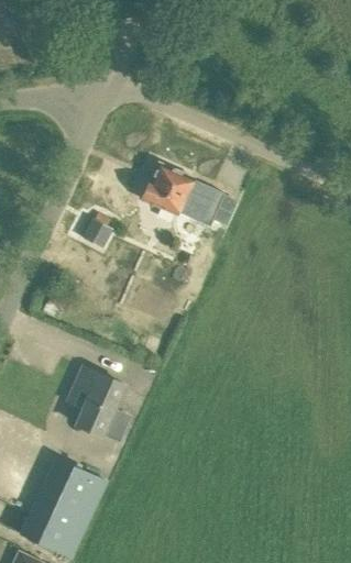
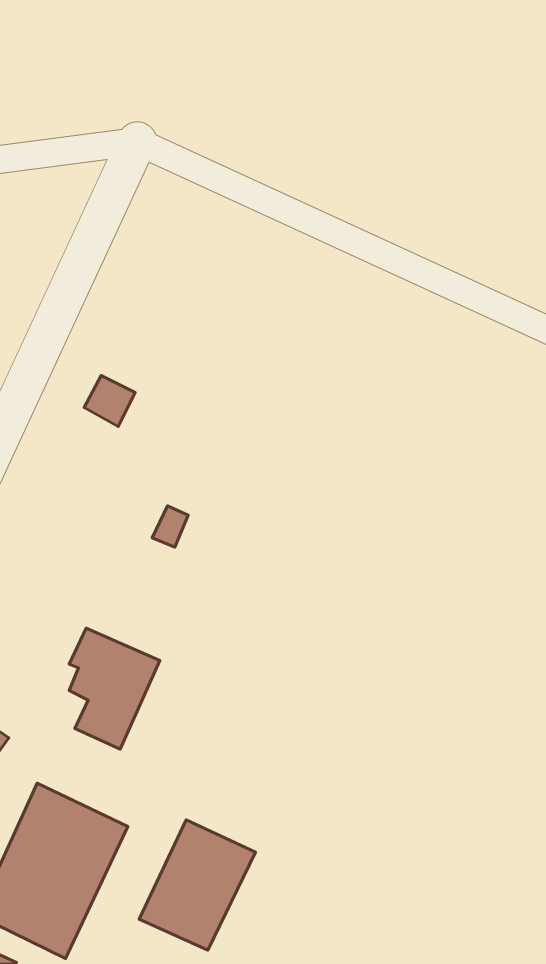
building: [142,163,219,214] -> none
building: none -> [139,820,256,950]

